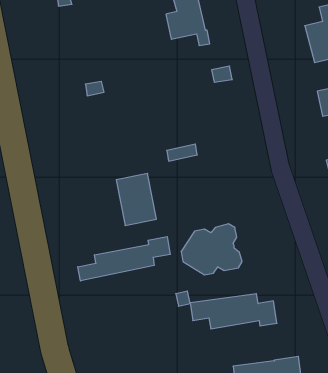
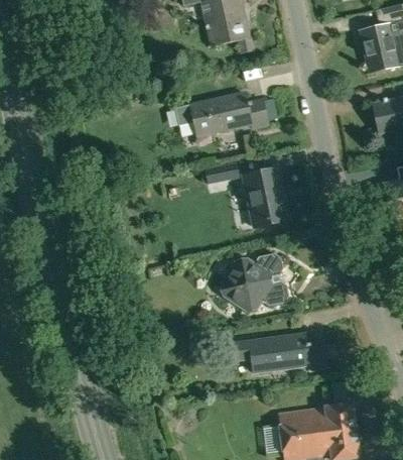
building: none -> [175,92,267,135]
building: [116,173,156,225] -> [244,167,289,226]
building: [78,237,170,281] -> none

